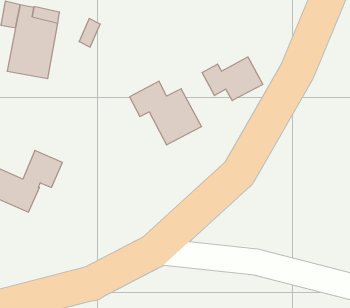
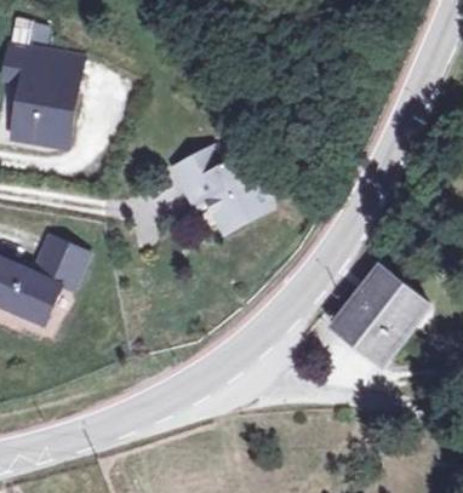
building: [202,57,263,101] -> none
building: none -> [331,258,434,361]

